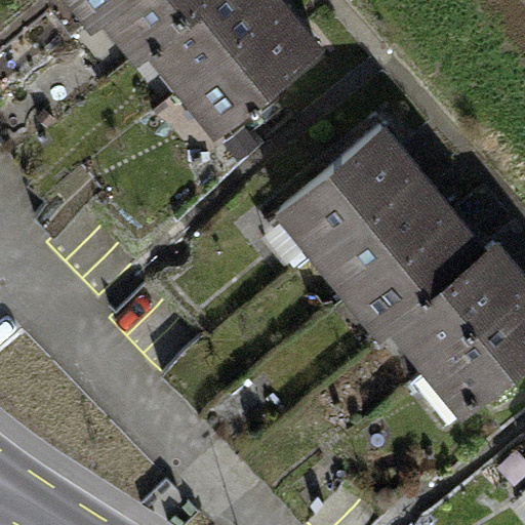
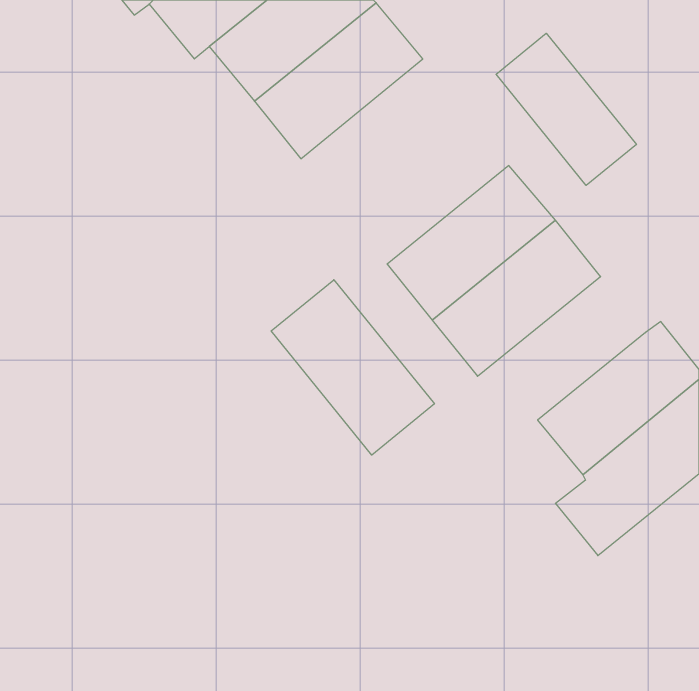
building: none -> [496,33,636,185]
building: [358,213,484,330] -> none
building: none -> [271,280,434,455]

